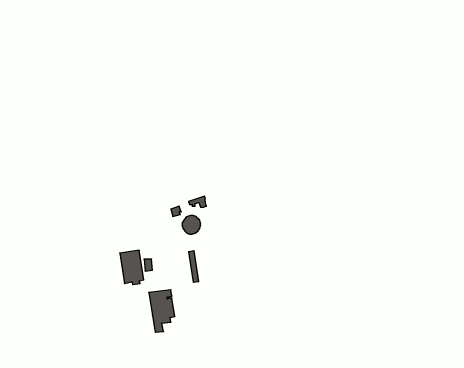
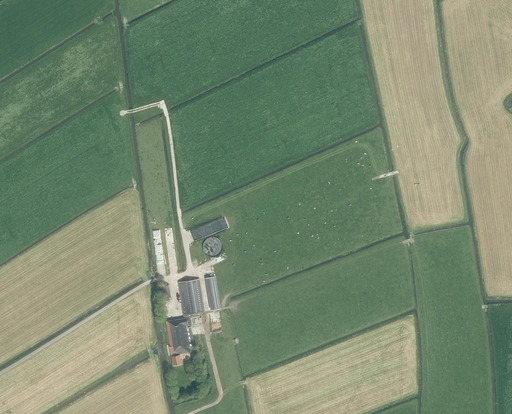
building: [120,250,144,285] -> [177,279,203,316]

